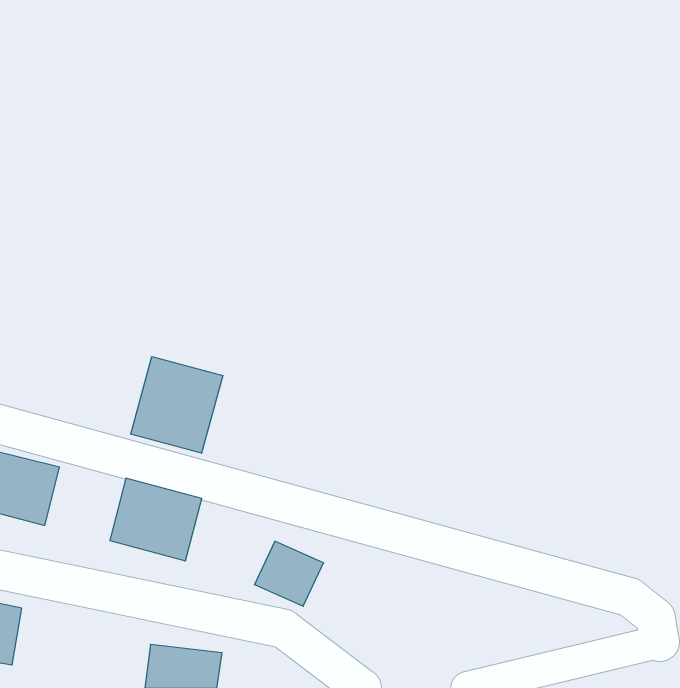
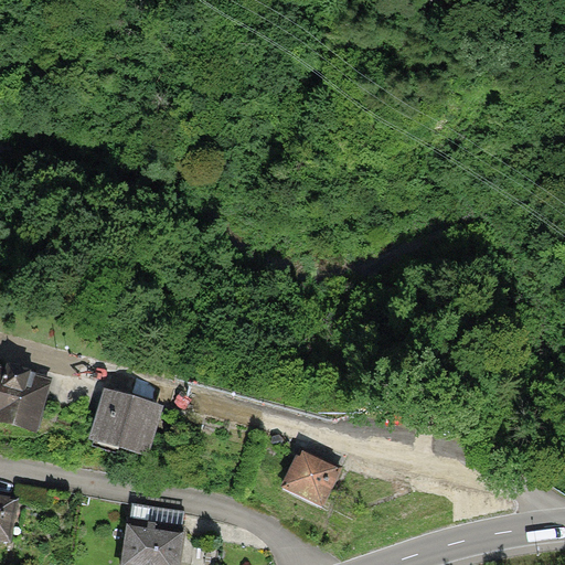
building: [131,357,223,453] -> none
building: [254,541,324,606] -> [285,451,341,504]

